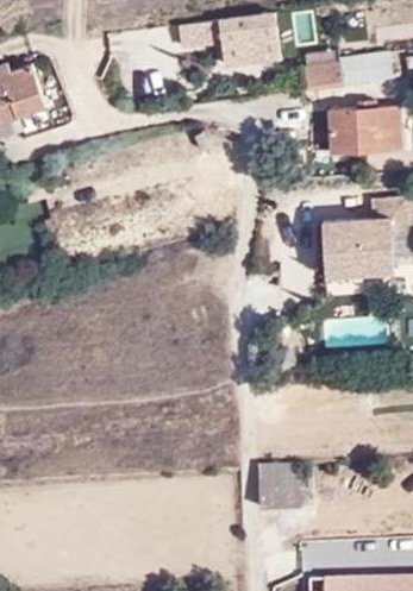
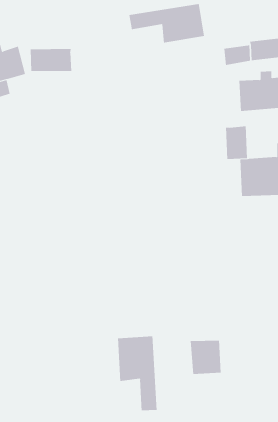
building: none -> [30,48,72,72]
building: none -> [226,126,247,160]
building: none -> [117,336,157,411]

